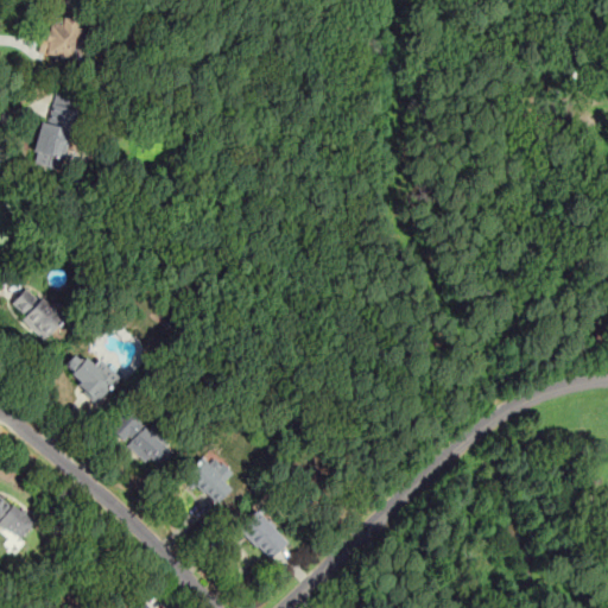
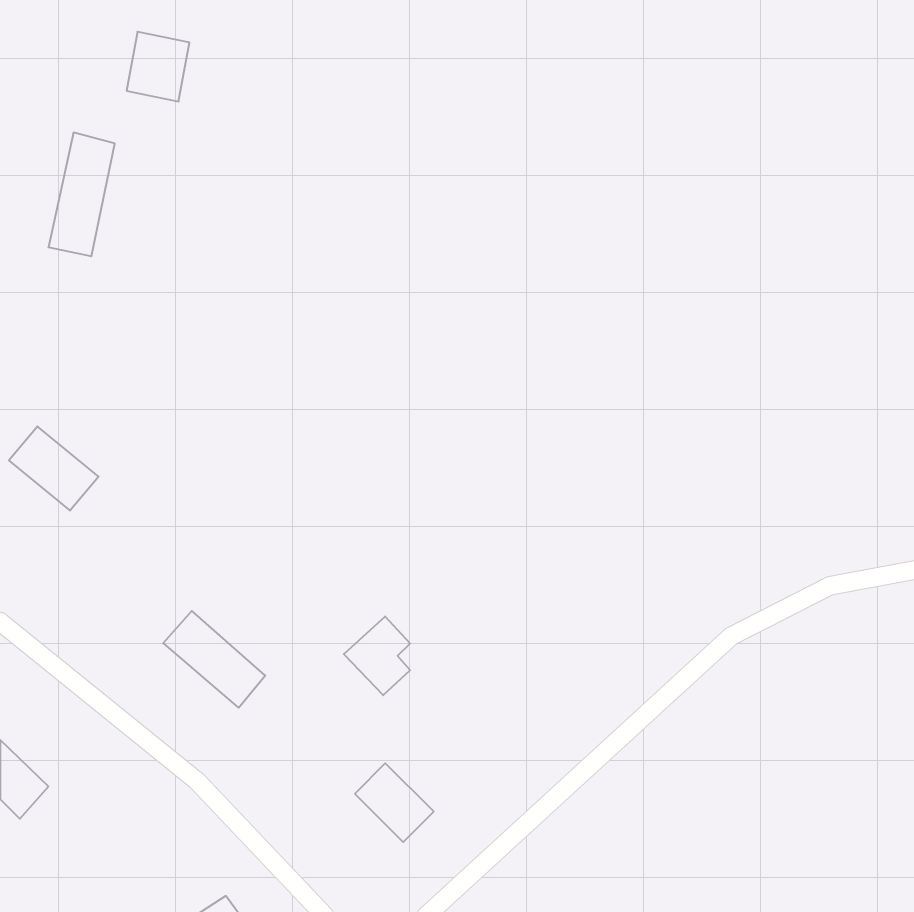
building: [38,14,80,61] -> [127,32,189,102]
building: [59,352,122,405] -> none
building: [190,456,234,508] -> [344,616,410,695]

